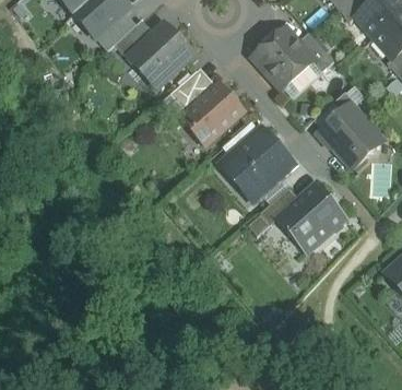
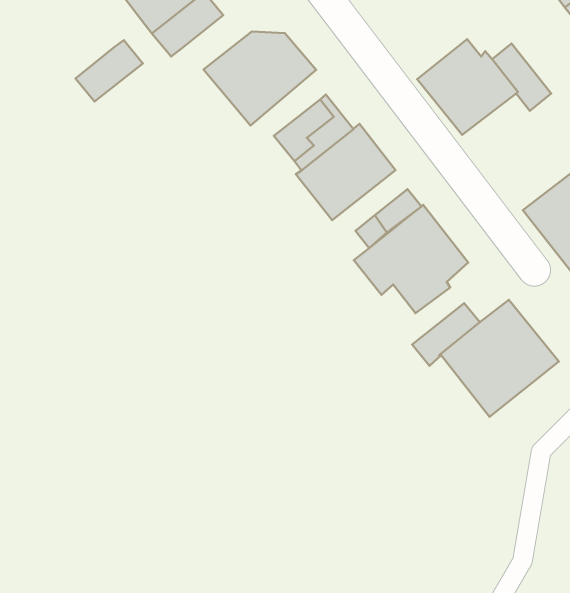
building: [115,19,154,56] -> [76,40,143,102]

